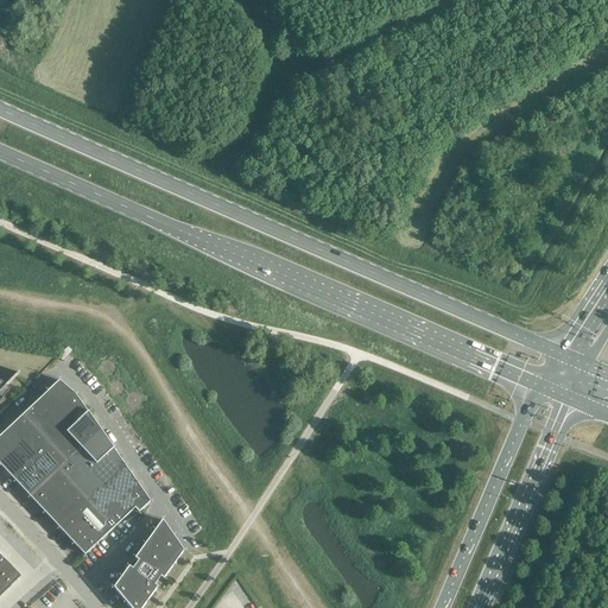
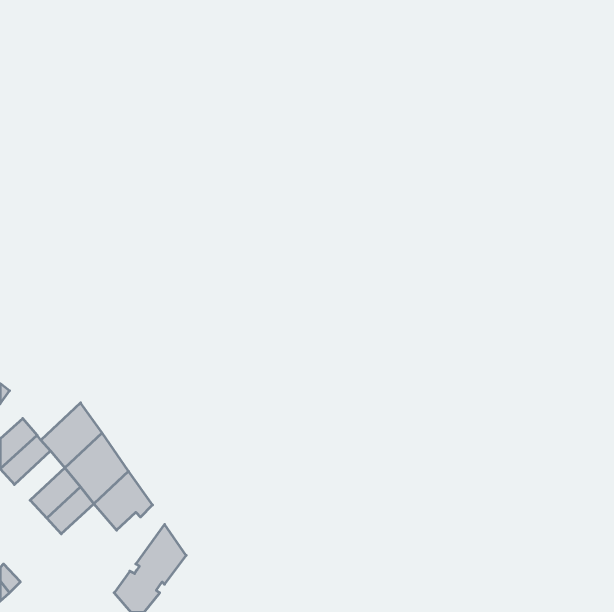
building: [23,378,80,435] -> none
building: [14,445,64,494] -> none
building: [61,498,115,553] -> none

